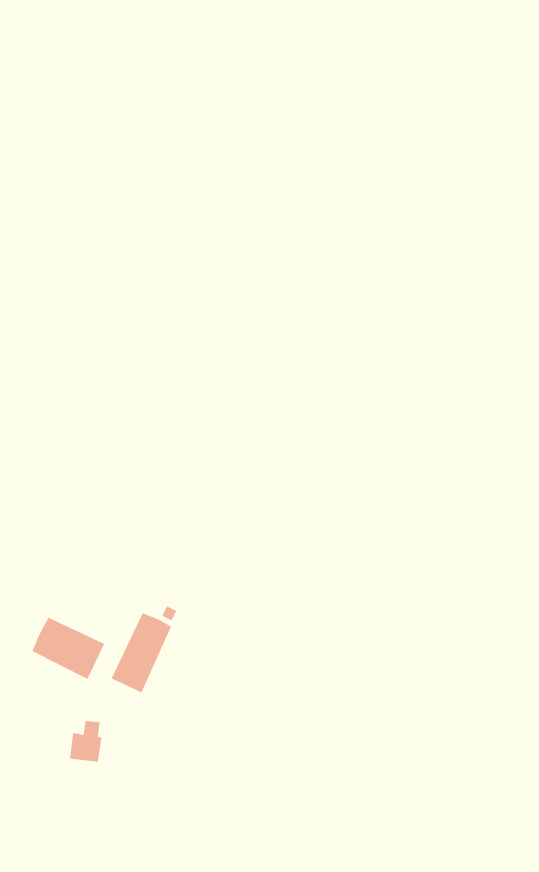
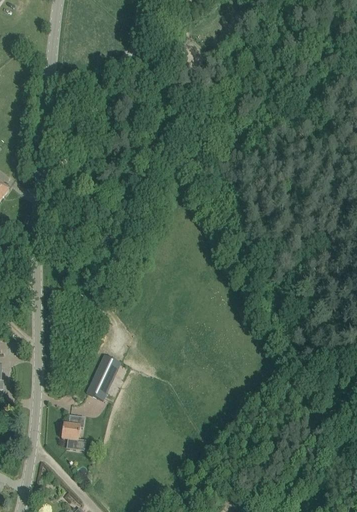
building: [32,617,105,679] -> none

